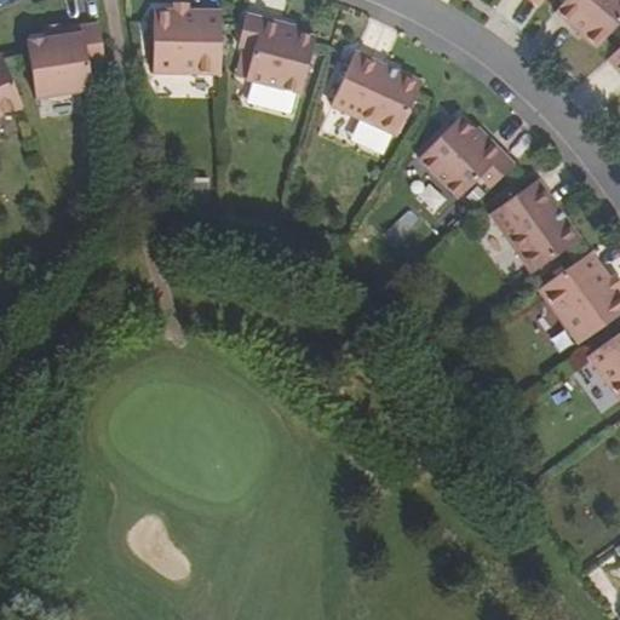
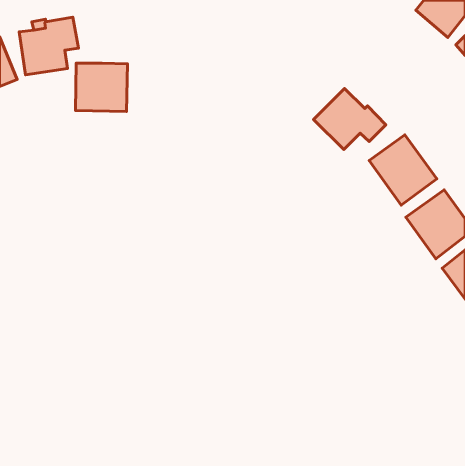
building: [151,11,220,75] -> [75,63,127,111]
building: [240,13,316,90] -> none
building: [332,46,423,131] -> none

